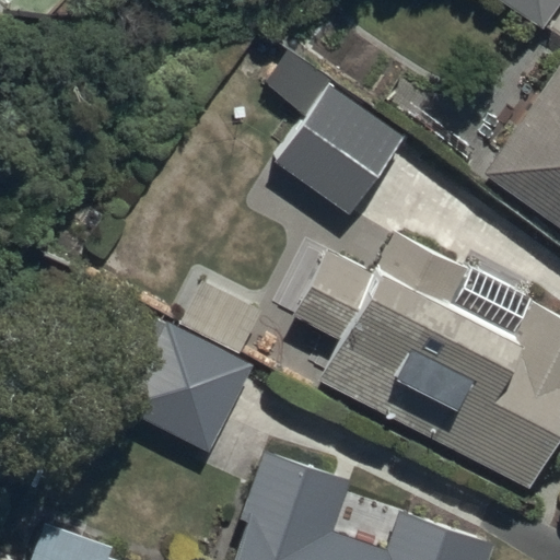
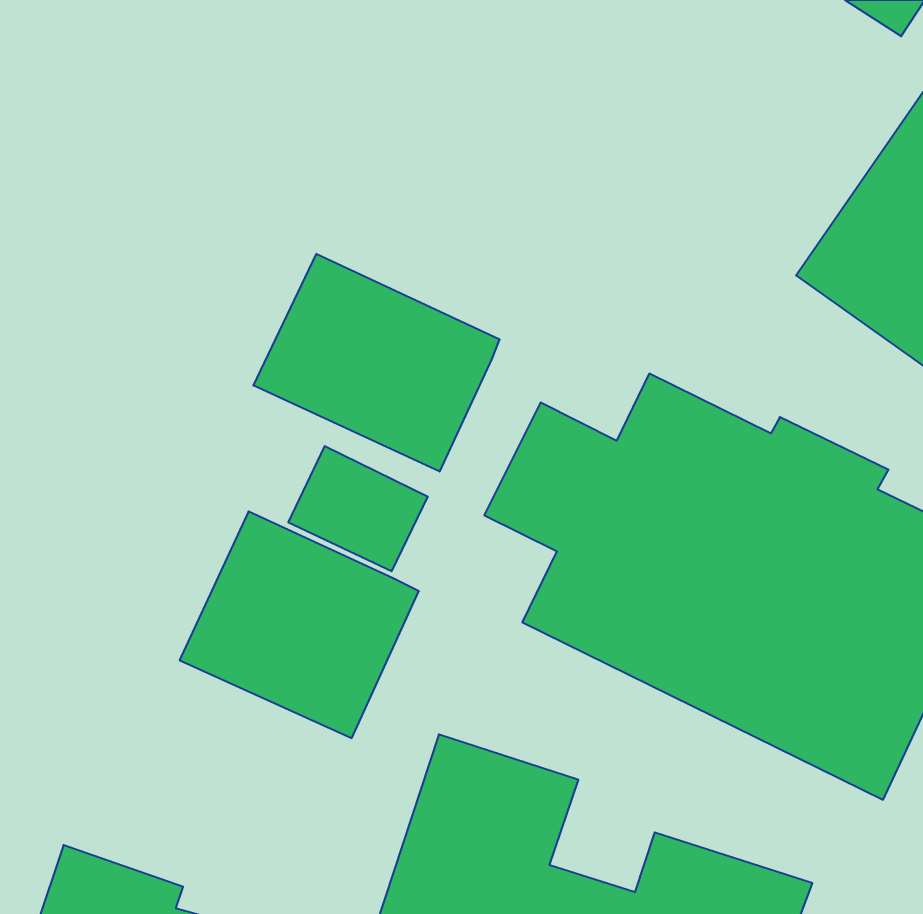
building: [276,84,402,212] -> none
building: none -> [253,254,500,472]

